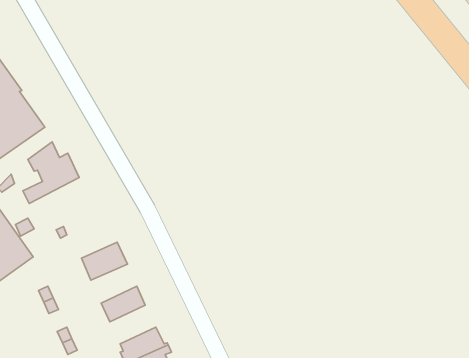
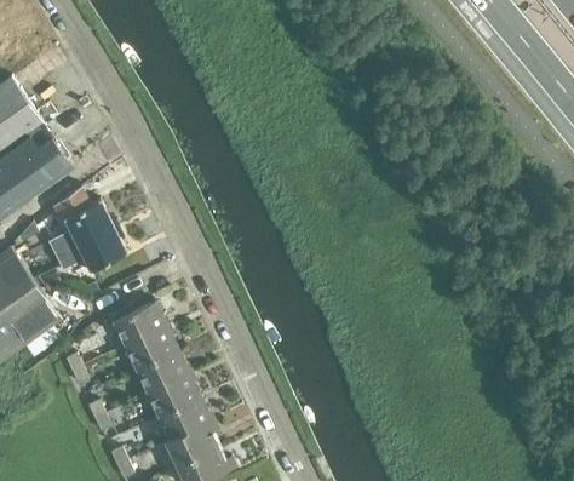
building: none -> [54,227,127,273]
building: none -> [126,327,179,372]
building: none -> [148,374,201,419]

